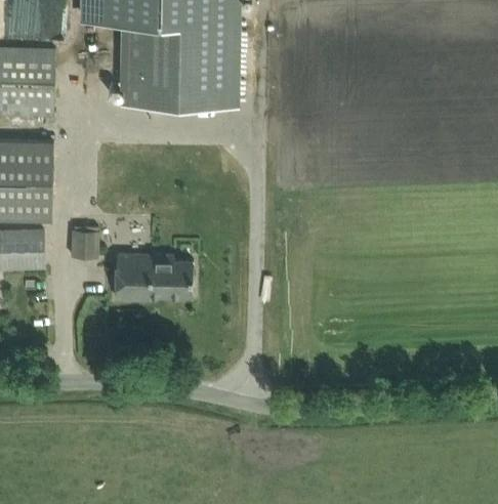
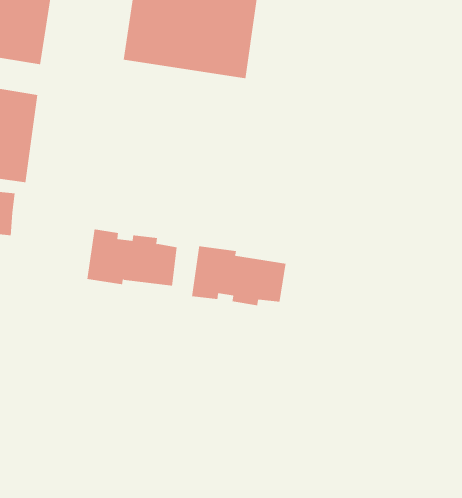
building: [70,233,98,257] -> none
building: none -> [192,246,286,306]

